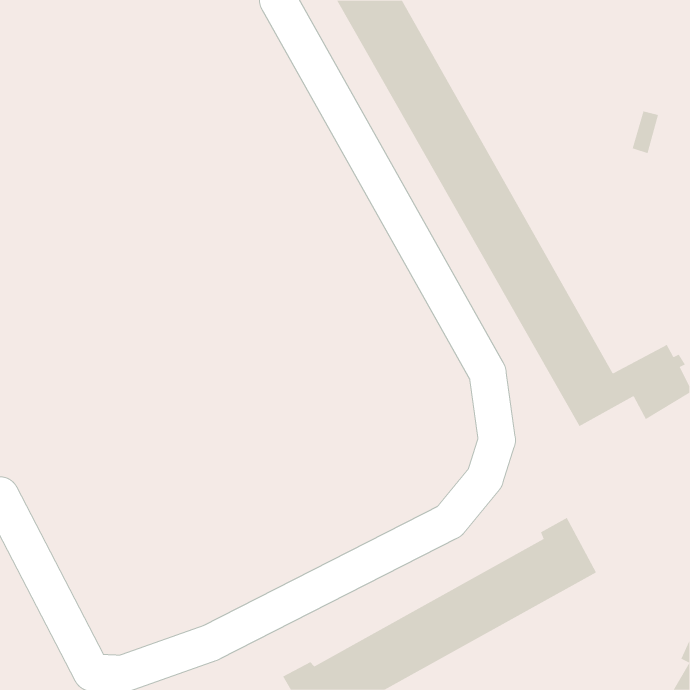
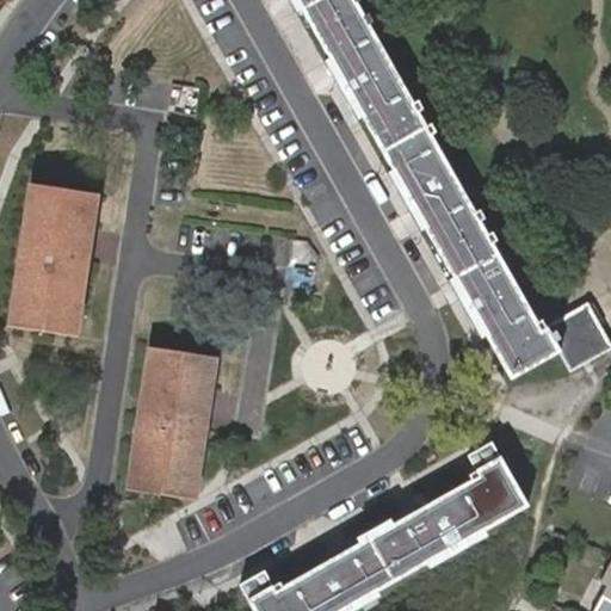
building: none -> [10,184,97,335]
building: none -> [129,345,217,498]

